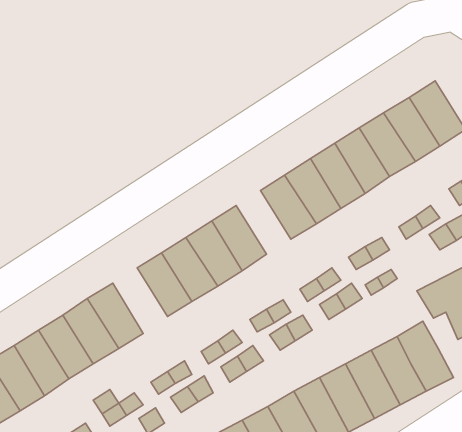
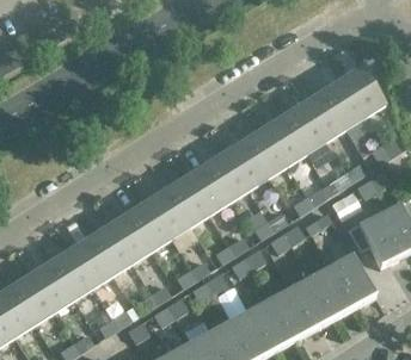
building: none -> [204,151,247,201]
building: none -> [108,212,151,263]

